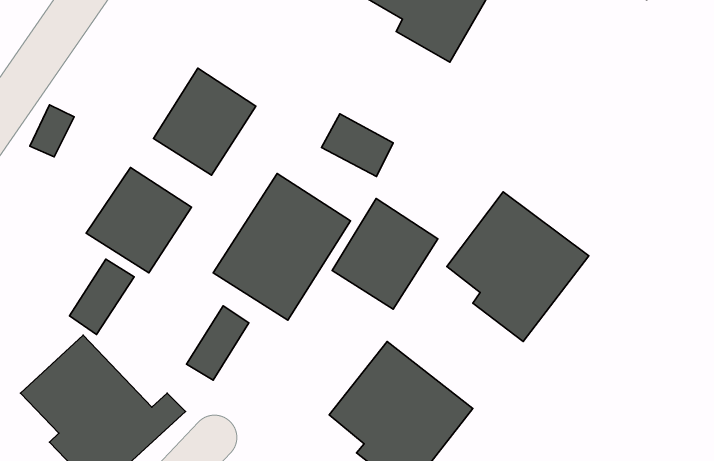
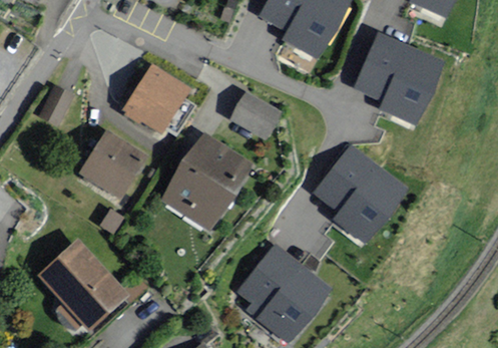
building: none -> [355,31,444,124]
building: [332,199,438,309] -> none
building: [70,259,134,335] -> none
building: [186,306,249,380] -> none

